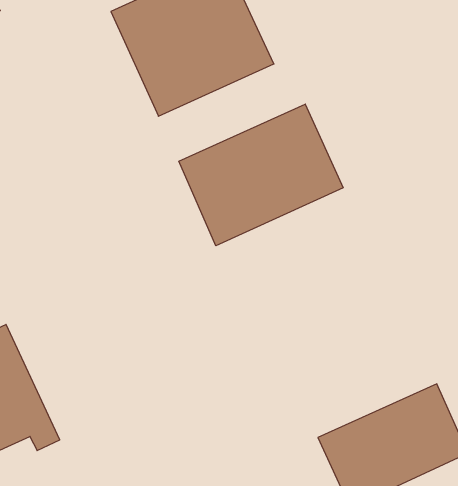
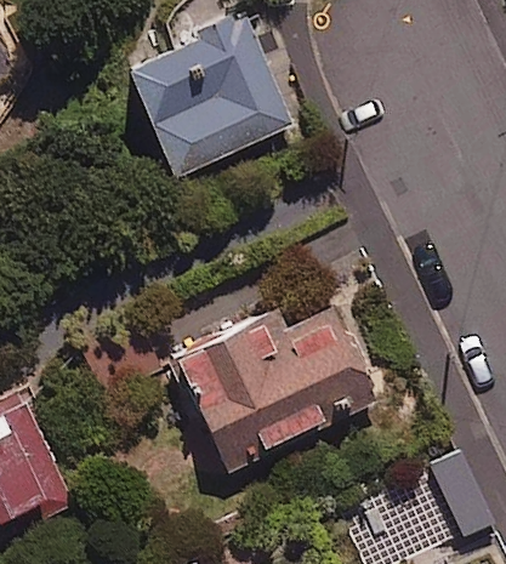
building: [179,104,343,246] -> none
building: none -> [175,311,370,468]

